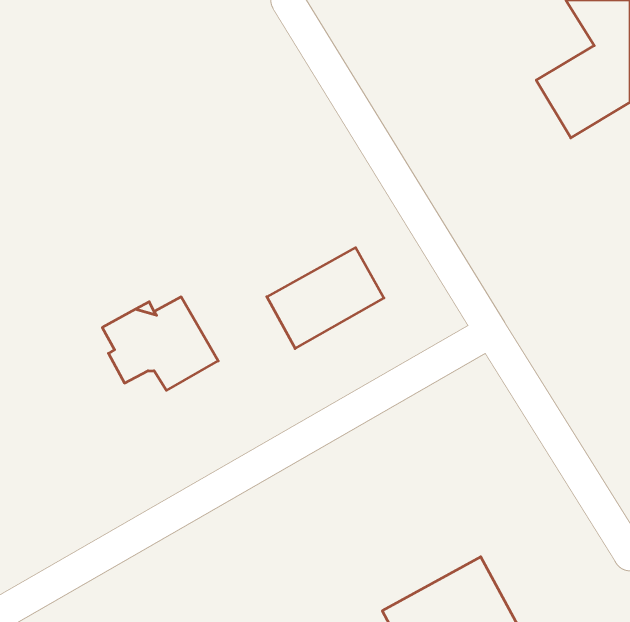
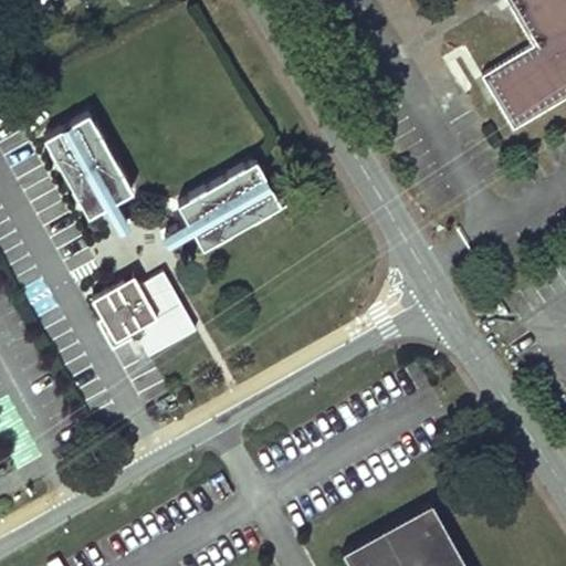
building: none -> [44,114,134,218]
building: [267,248,384,349] -> [177,160,282,251]

